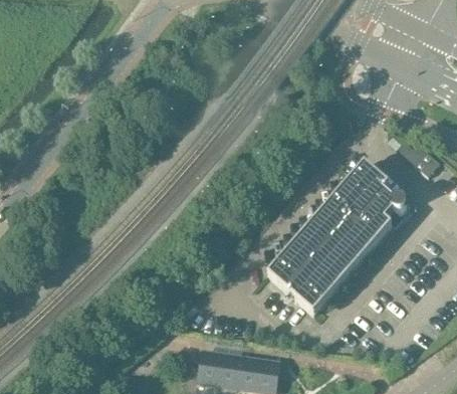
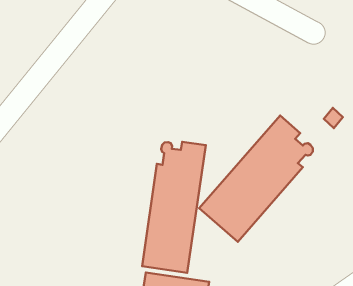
building: none -> [142,142,206,273]

